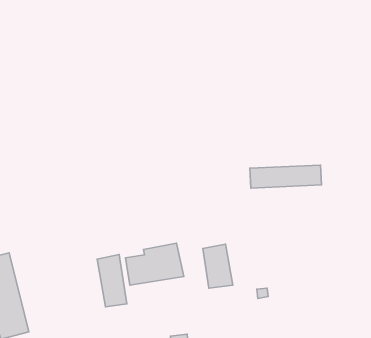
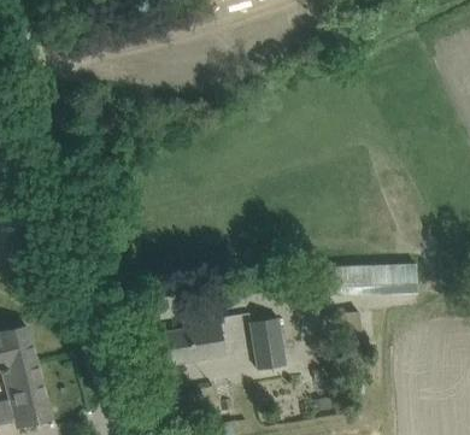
building: [250,165,322,188] -> [334,263,417,289]
building: [97,254,127,307] -> none

